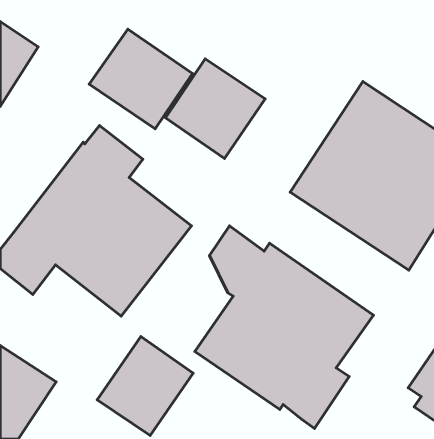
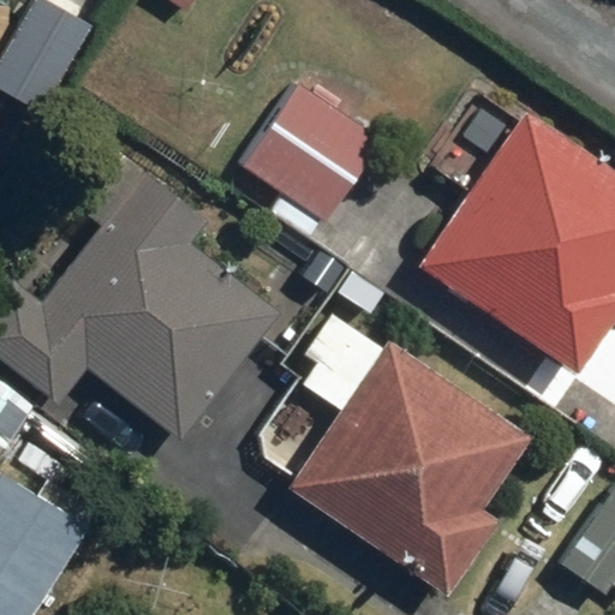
building: [89,29,192,129] -> none
building: [97,336,193,435] -> none

